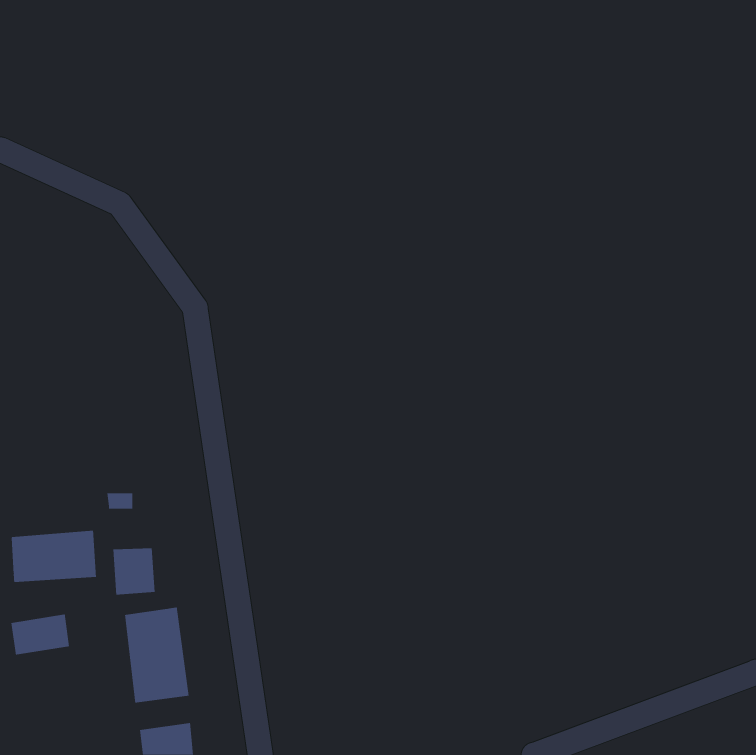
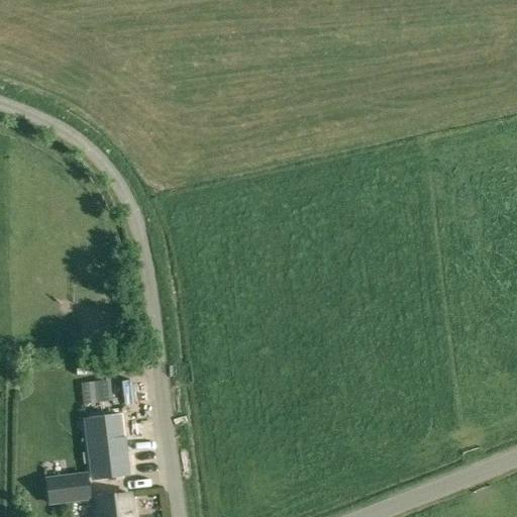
building: [11,530,96,583] -> none
building: [11,614,70,655] -> [47,474,88,502]

